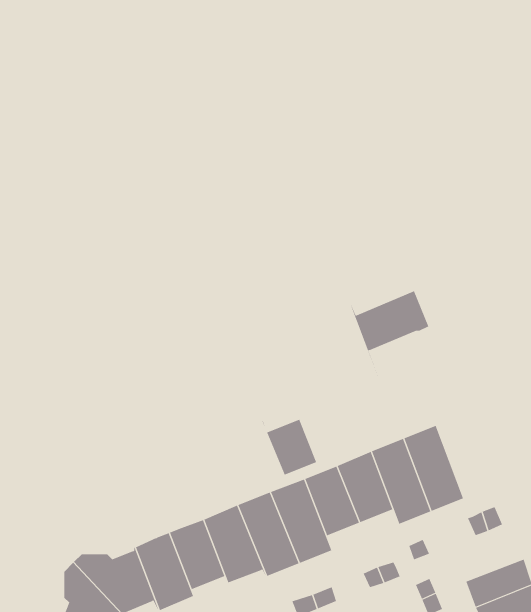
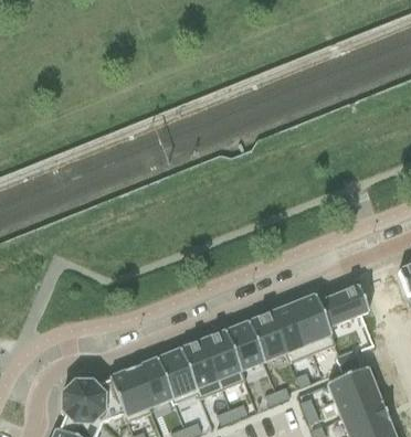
building: [350,291,429,377] -> [315,286,369,344]
building: [262,419,317,475] -> none
building: none -> [327,366,375,401]

